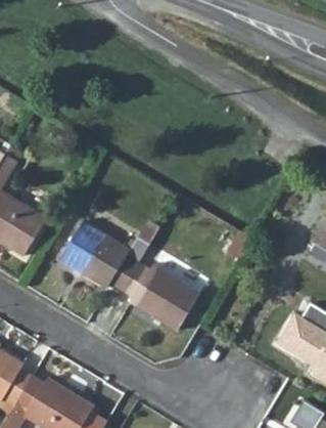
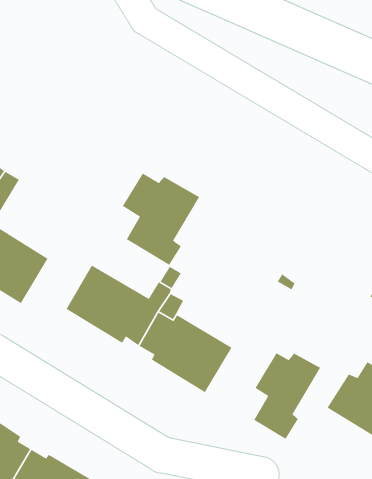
building: none -> [122,173,200,266]
building: none -> [253,352,321,440]

